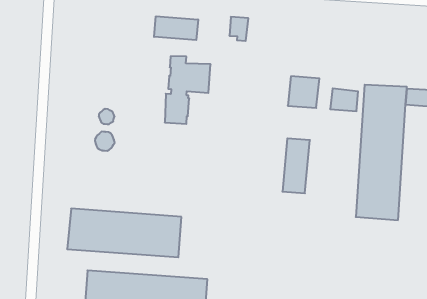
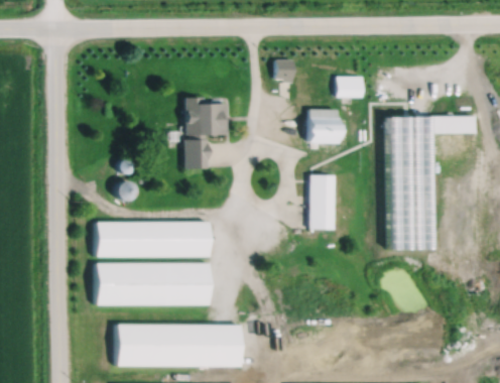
building: [154,16,198,40] -> none
building: [229,17,248,41] -> [276,61,294,85]
building: [330,88,358,111] -> [337,78,364,99]
building: none -> [96,221,209,258]

